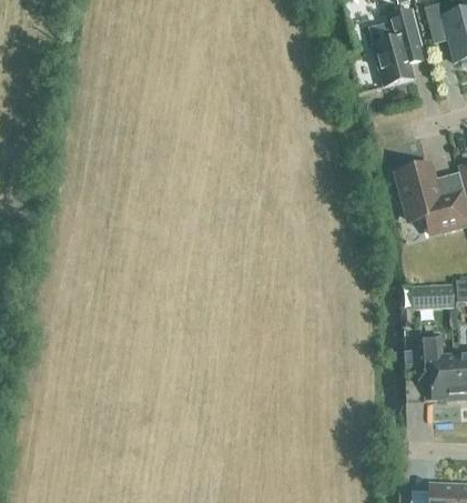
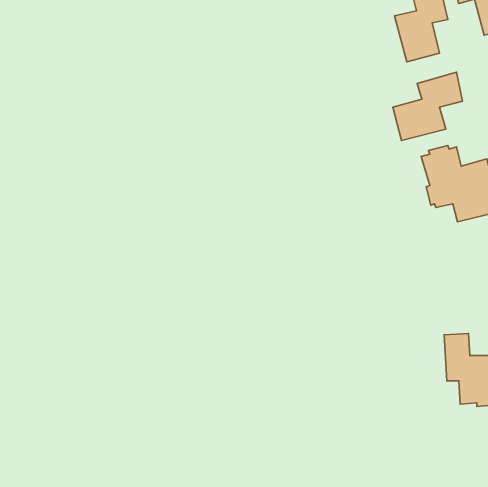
building: none -> [393,72,463,140]
building: [412,284,453,310] -> none

